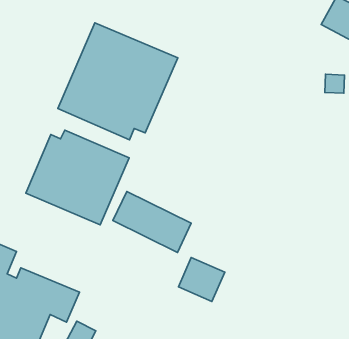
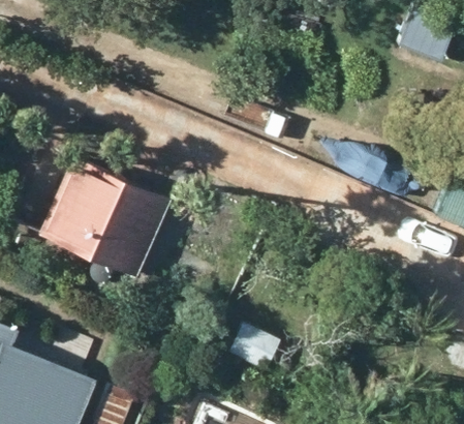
building: [58,23,178,140] -> none

